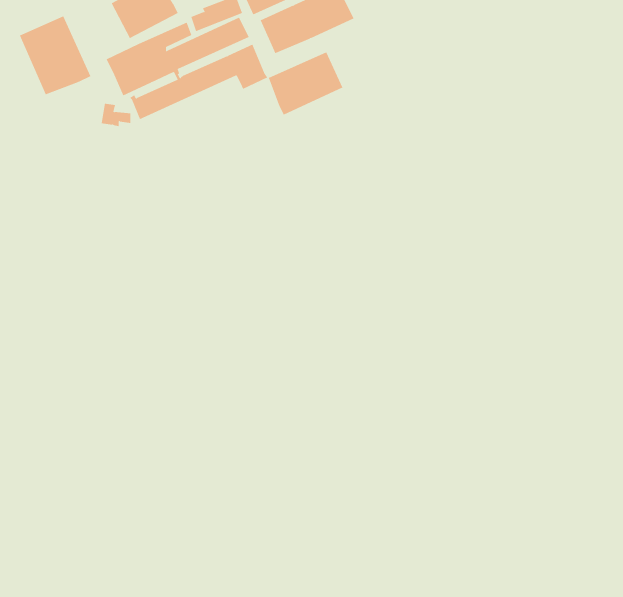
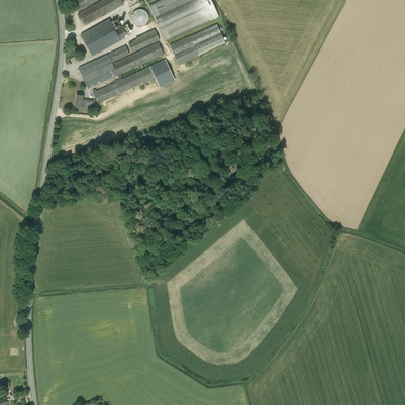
building: [19,15,91,95] -> none
building: [268,52,343,115] -> none

